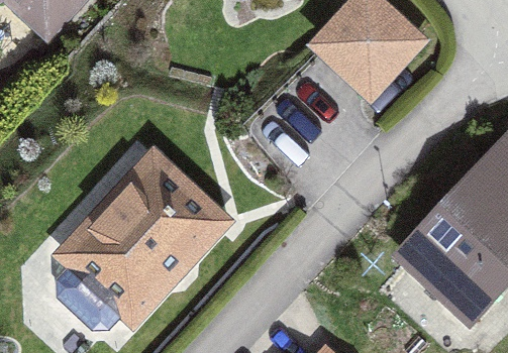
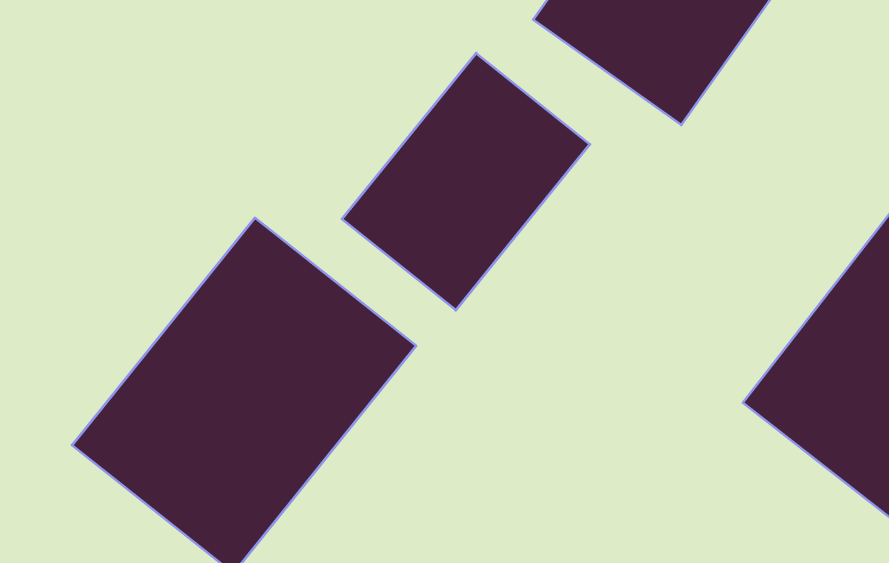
building: none -> [342,53,590,310]

